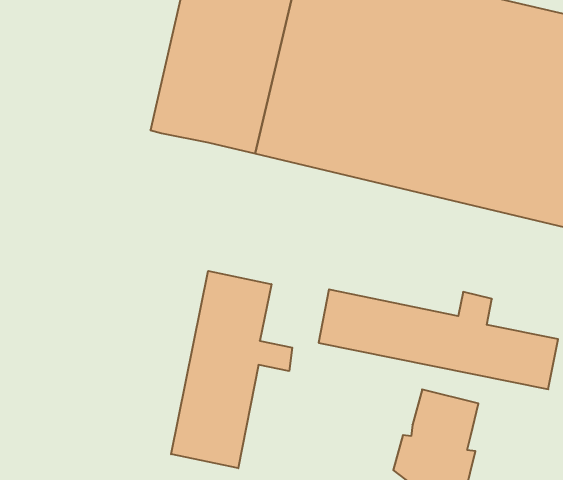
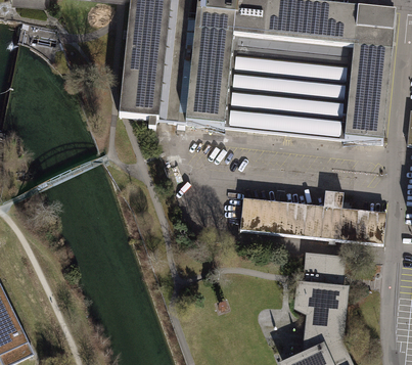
building: [171,271,292,468] -> none

